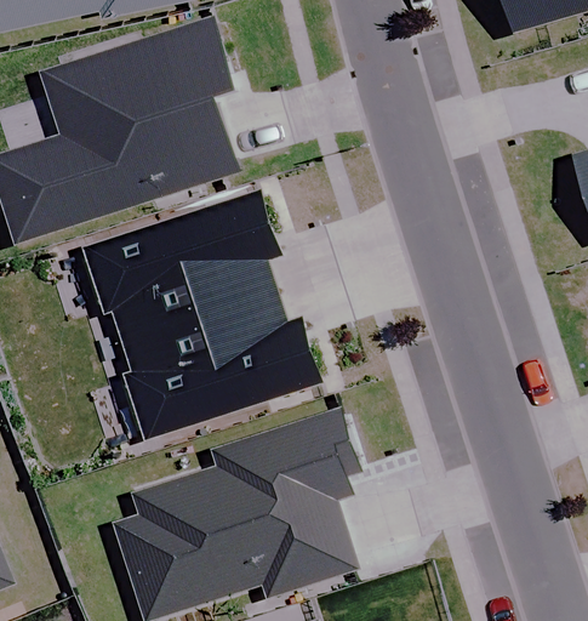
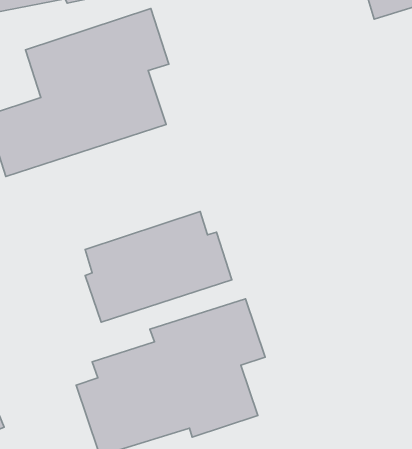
building: [82,193,276,342] -> none

